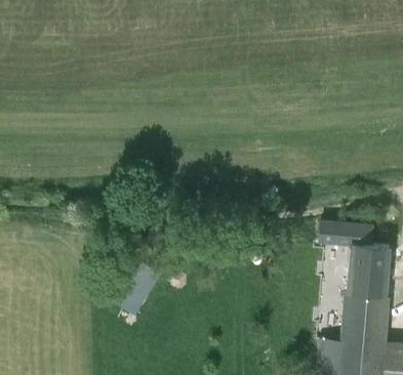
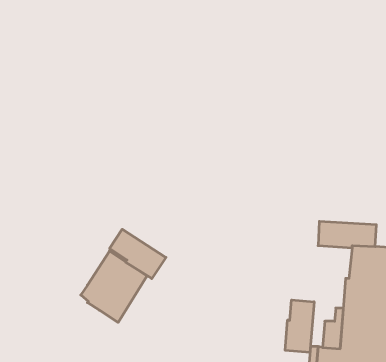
building: none -> [110,229,166,279]
building: none -> [285,300,314,353]

